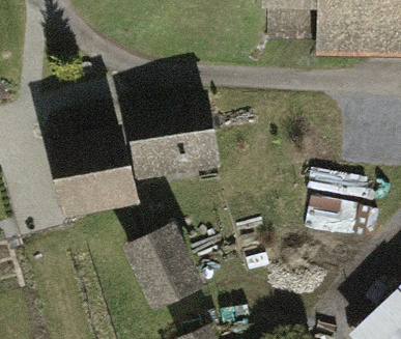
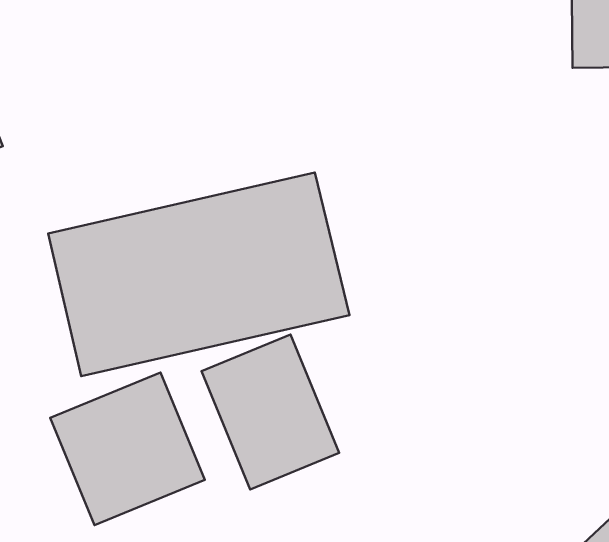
building: none -> [50,372,205,525]

